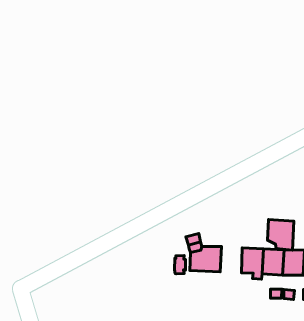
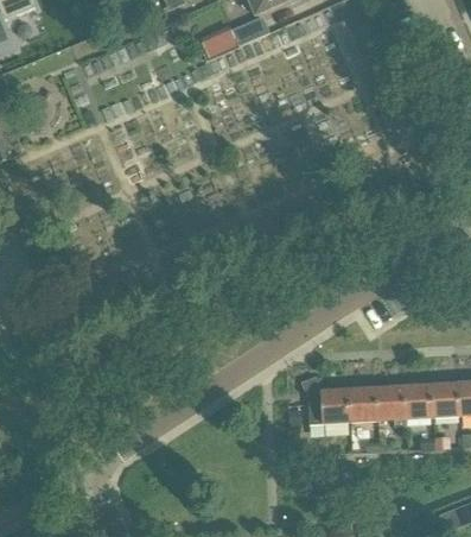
building: [267,219,294,250] -> none
building: none -> [349,386,378,421]

